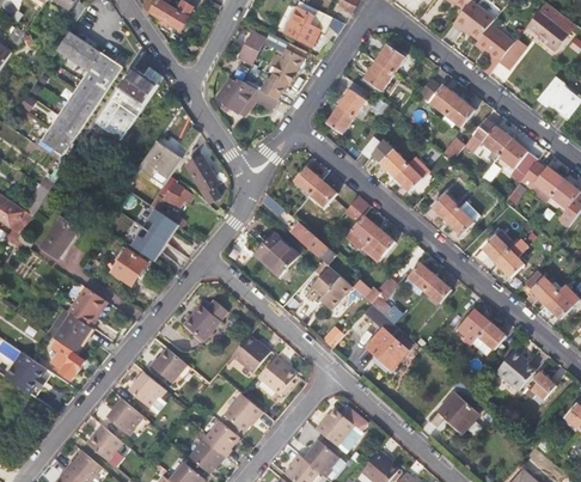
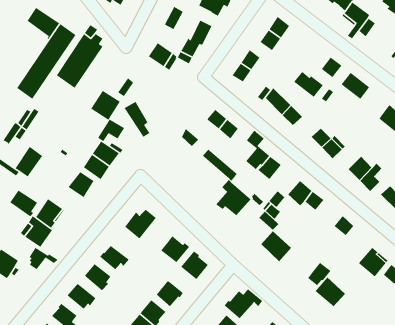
building: [418,79,459,115] -> [293,71,324,98]
building: [499,139,539,177] -> none
building: [256,234,299,277] -> none
building: none -> [9,189,38,217]
building: [473,323,506,355] -> [307,262,332,286]

